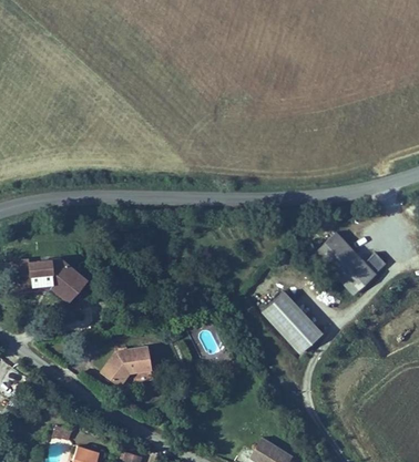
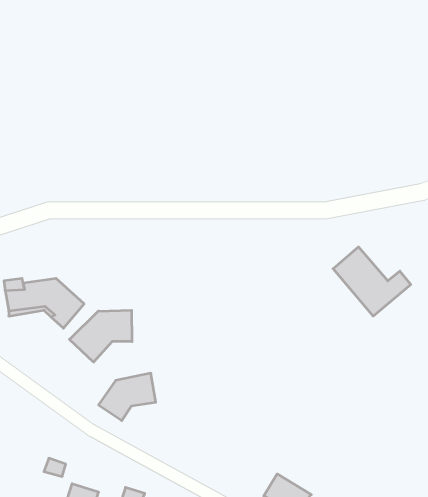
building: none -> [69,310,132,362]
building: [262,291,323,355] -> none

